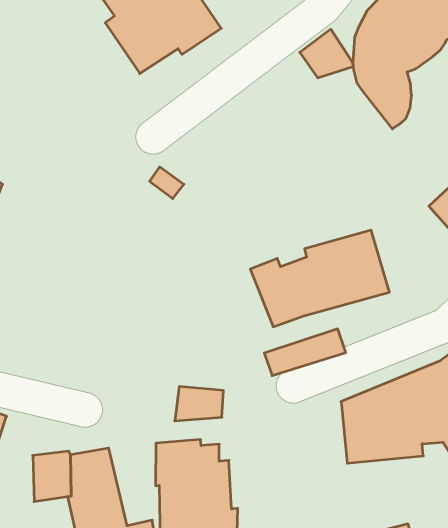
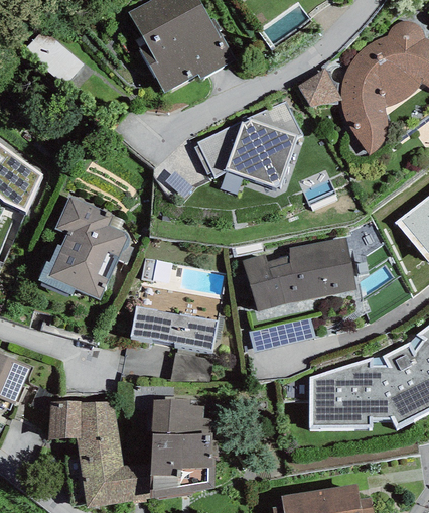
building: none -> [198,101,302,187]
building: none -> [38,197,134,299]
building: none -> [130,305,217,351]

